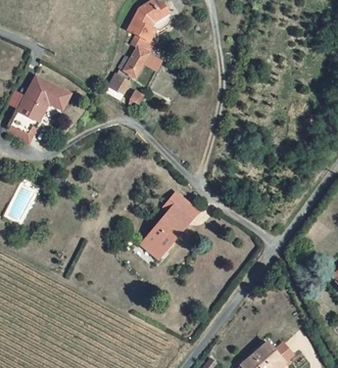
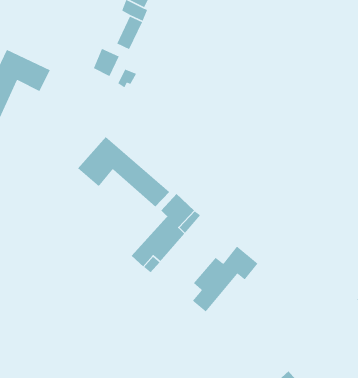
building: none -> [77,136,170,208]
building: none -> [192,246,259,313]

